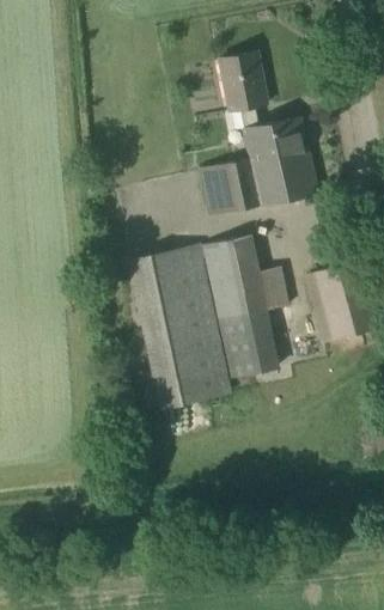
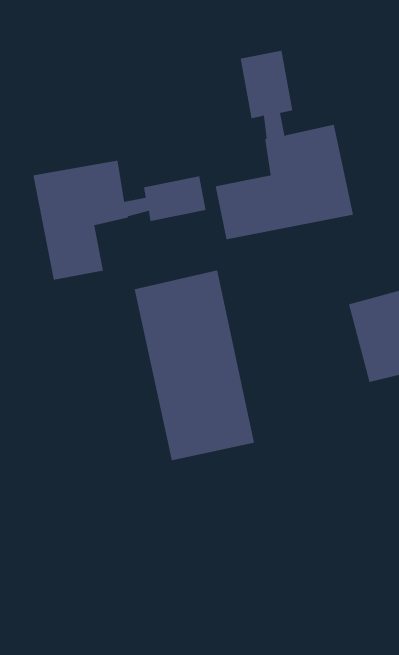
building: none -> [33,160,206,280]
building: [201,234,289,379] -> none

